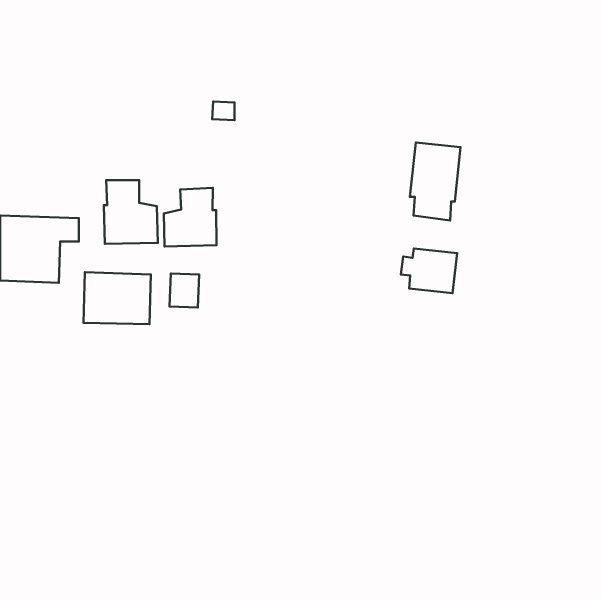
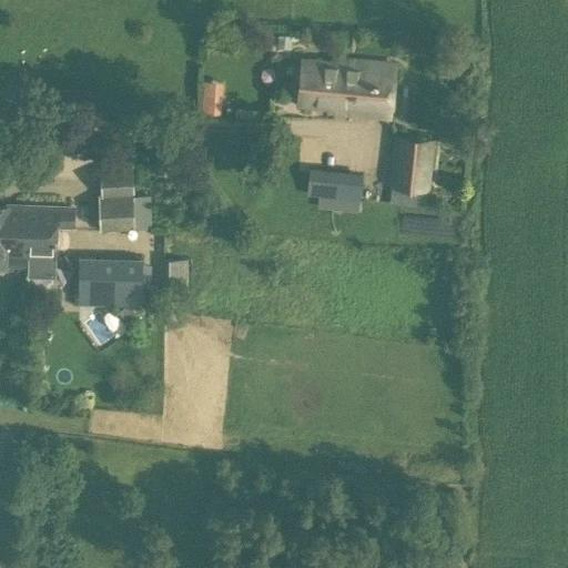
building: none -> [298,60,393,118]
building: [164,188,217,246] -> none
building: [401,248,457,293] -> [308,170,362,212]

